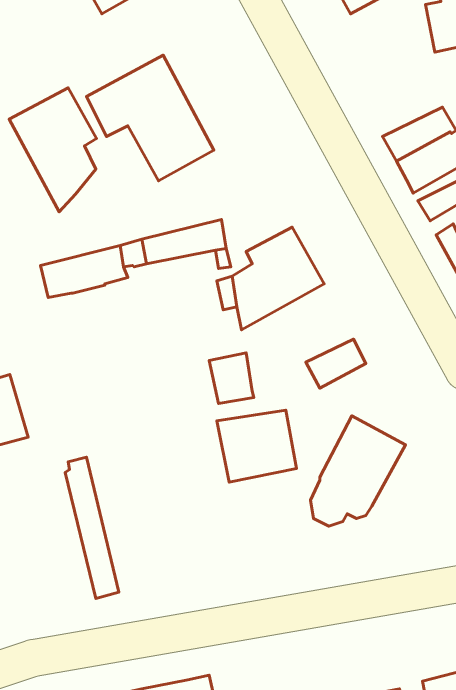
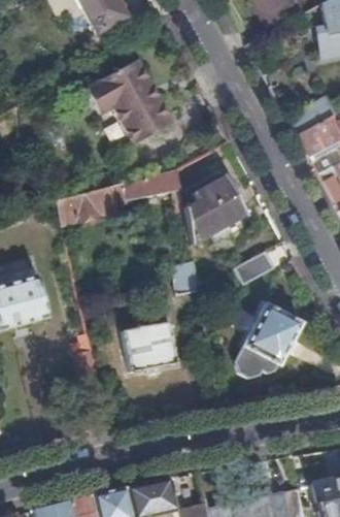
building: [9,88,96,212] -> none
building: [217,410,297,482] -> [123,324,176,373]

